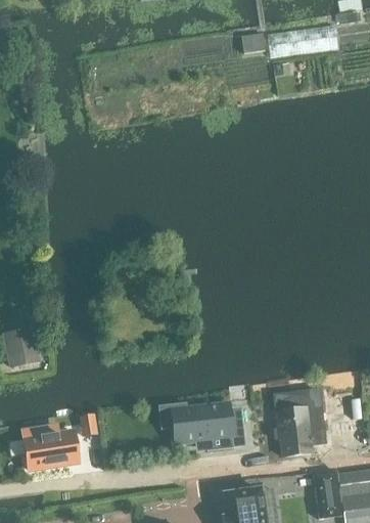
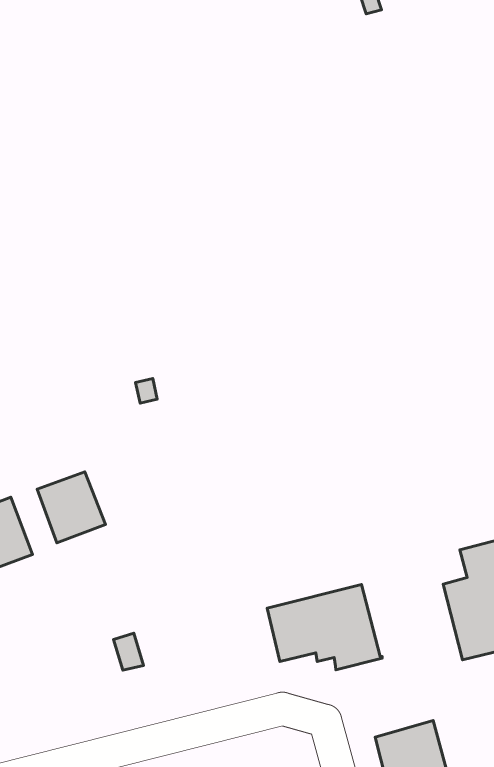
building: none -> [37,472,105,543]
building: [26,431,79,469] -> none

